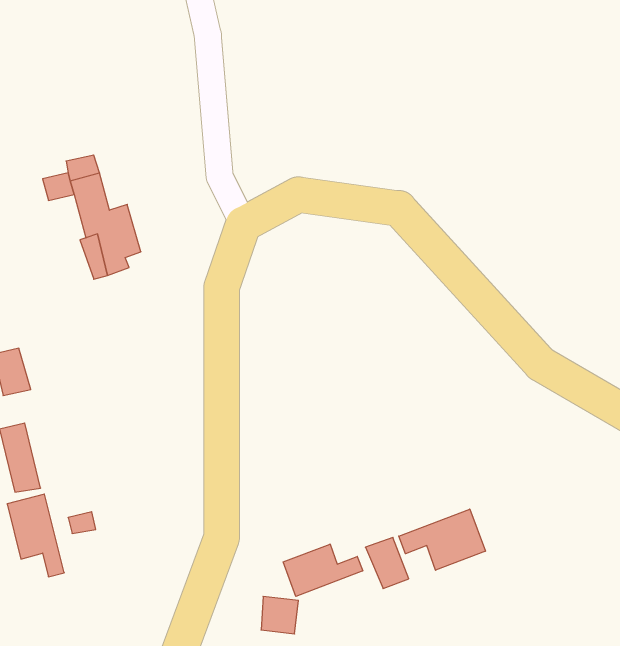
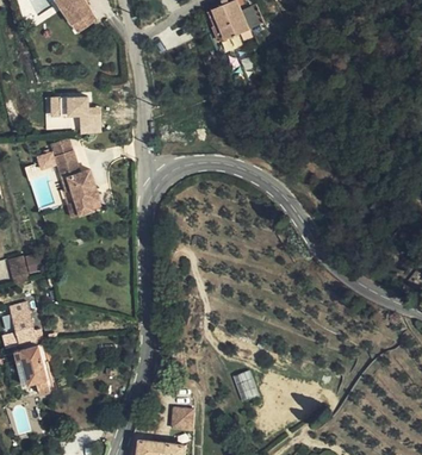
building: none -> [49,98,100,136]
building: [399,509,485,570] -> none
building: [283,544,363,596] -> none

